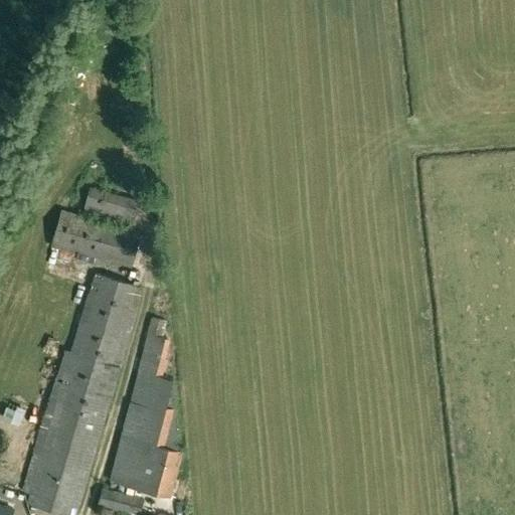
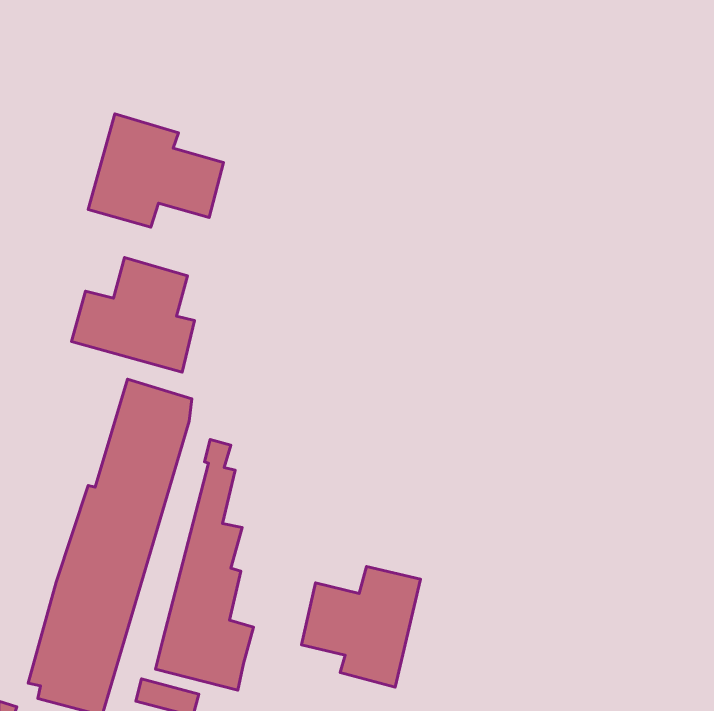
building: none -> [88,114,224,227]
building: none -> [302,566,421,687]

